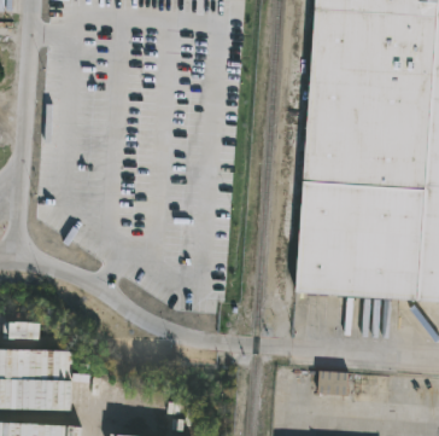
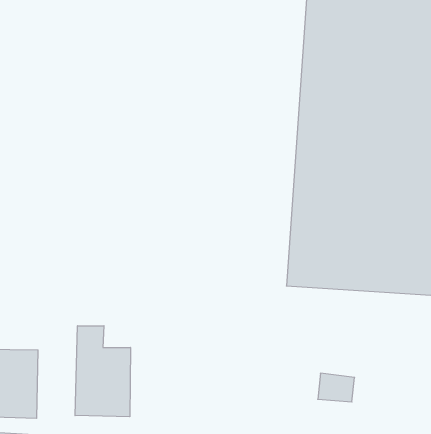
building: none -> [75,326,130,417]

